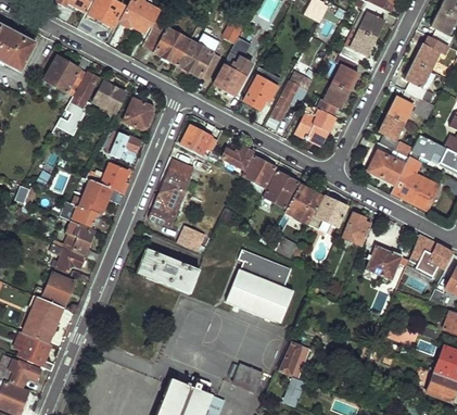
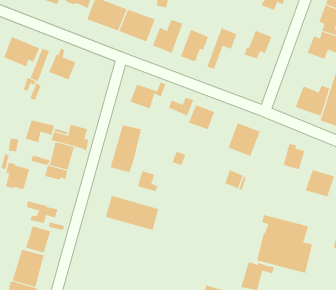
building: [331,53,358,90] -> none
building: [123,97,154,129] -> none
building: [296,99,332,144] -> none
building: [377,113,406,151] -> none
building: [105,130,141,158] -> [25,120,55,143]
building: [264,171,297,206] -> none
building: [313,197,347,231] -> none
building: [64,221,94,254] -> [5,162,30,190]
building: [226,249,292,322] -> [256,214,313,274]

